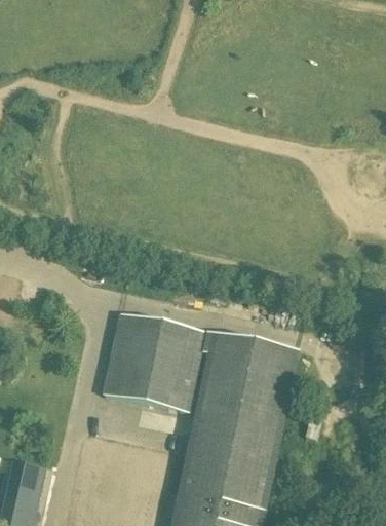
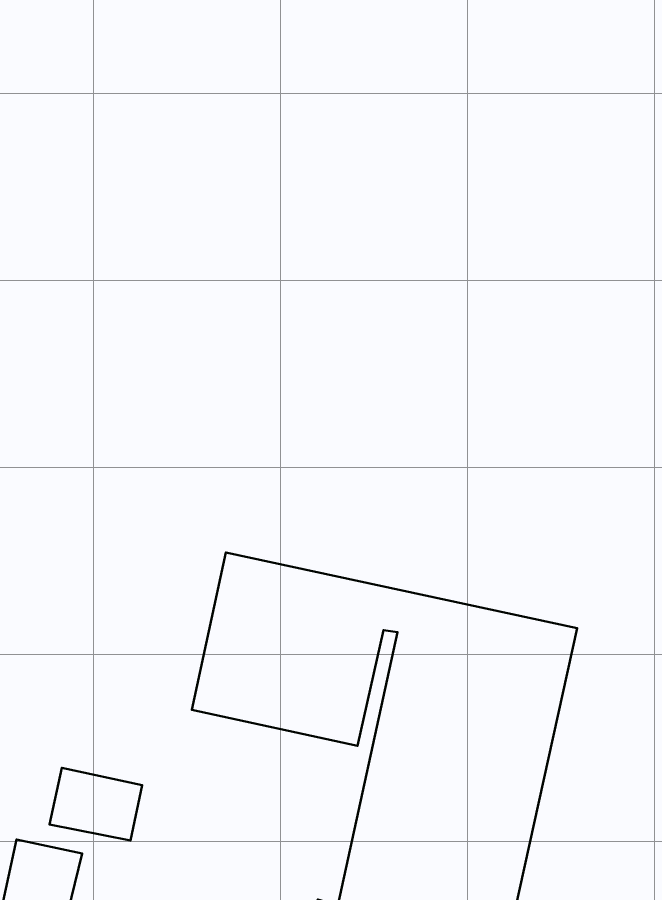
building: none -> [49,768,142,840]

